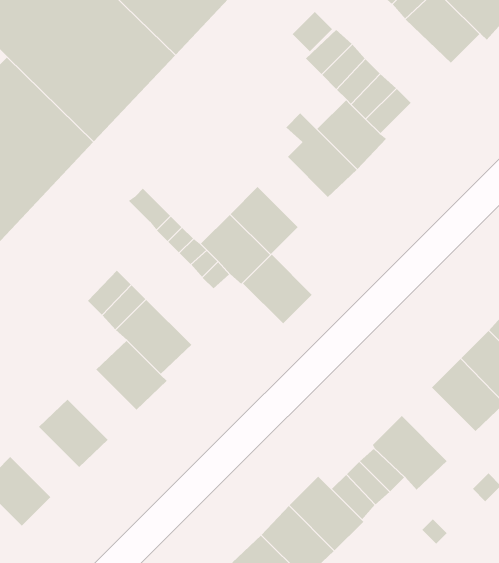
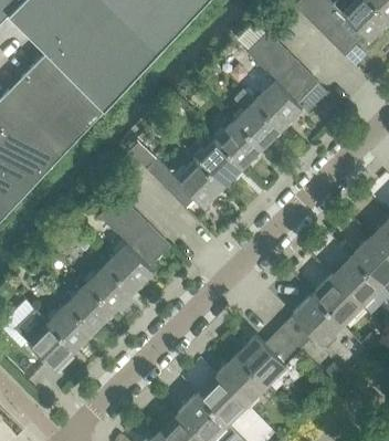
building: [242,254,313,324] -> [214,120,262,168]
building: none -> [86,264,133,312]
building: none -> [312,276,361,326]
building: none -> [48,303,94,350]

